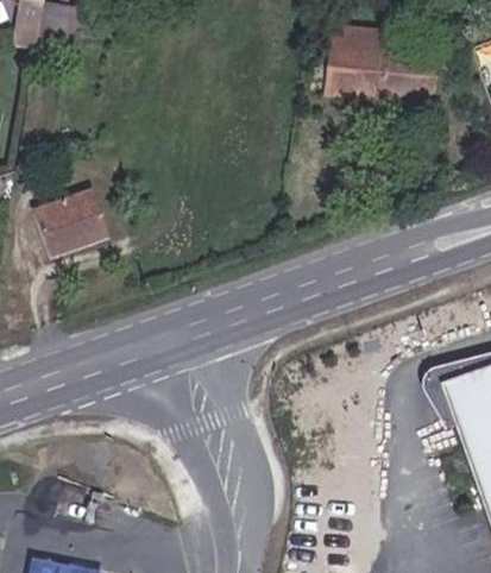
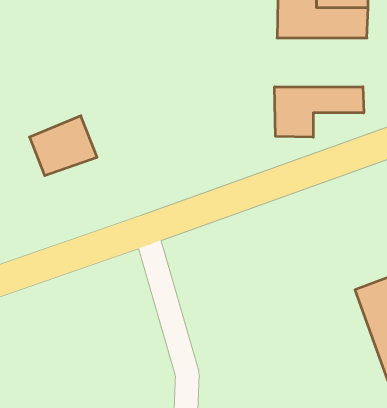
building: none -> [275,87,364,137]

